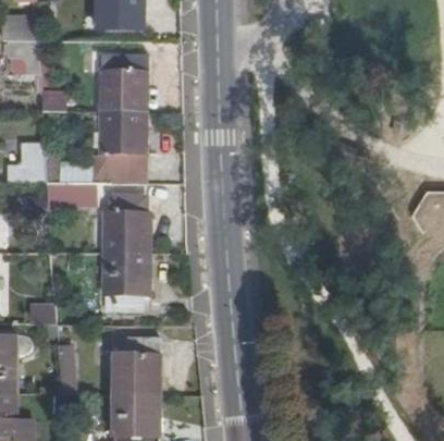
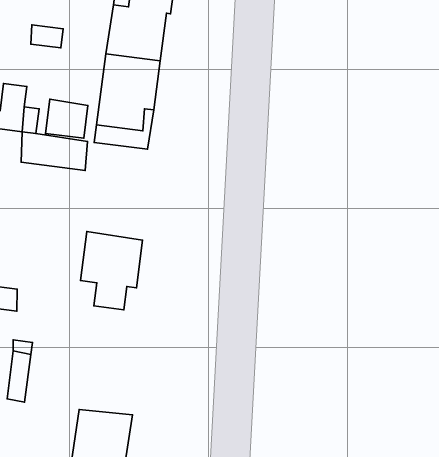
building: [104,196,150,254] -> none
building: [116,338,159,393] -> none

